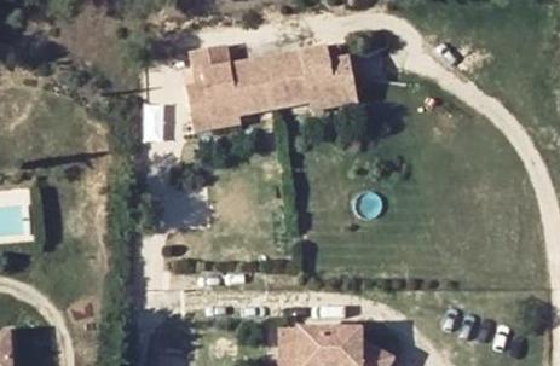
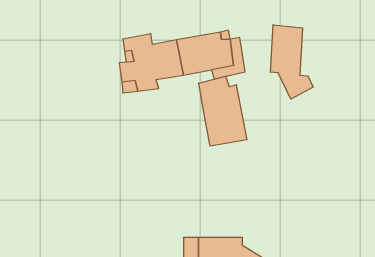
building: none -> [270,25,313,99]
building: none -> [199,76,247,146]

